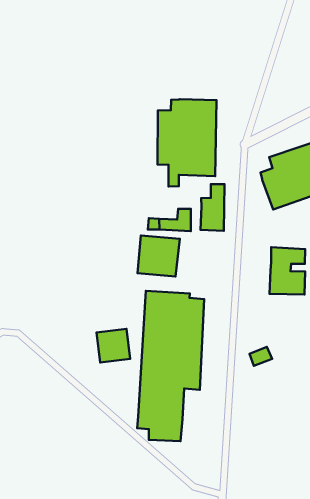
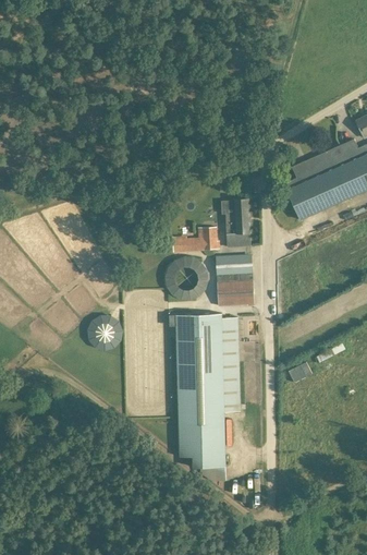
building: [158,99,216,187] -> none
building: [269,247,305,295] -> [217,256,255,305]
building: [96,329,130,363] -> [86,312,123,349]

